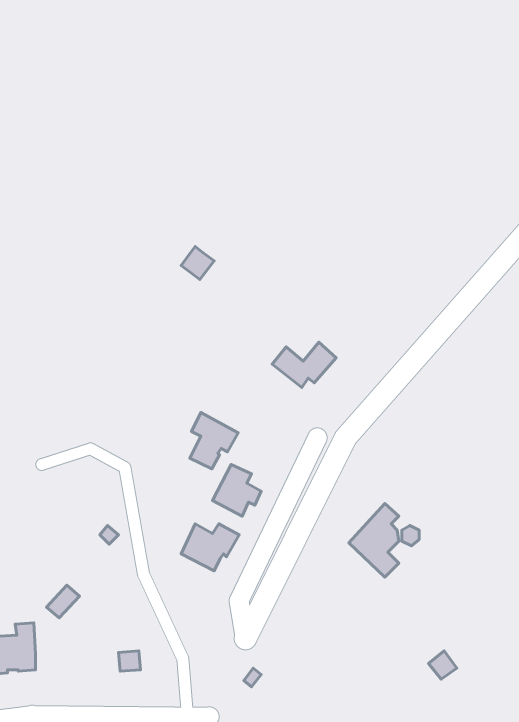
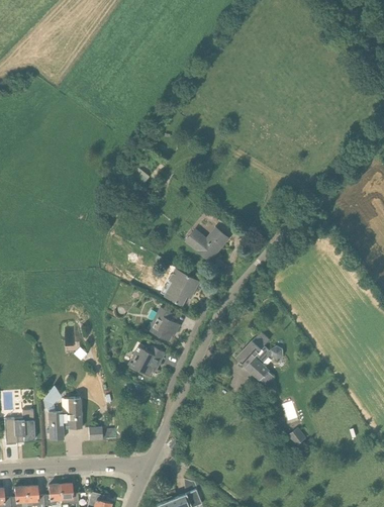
building: [190,413,238,469] -> [168,269,199,305]
building: none -> [47,399,81,438]

